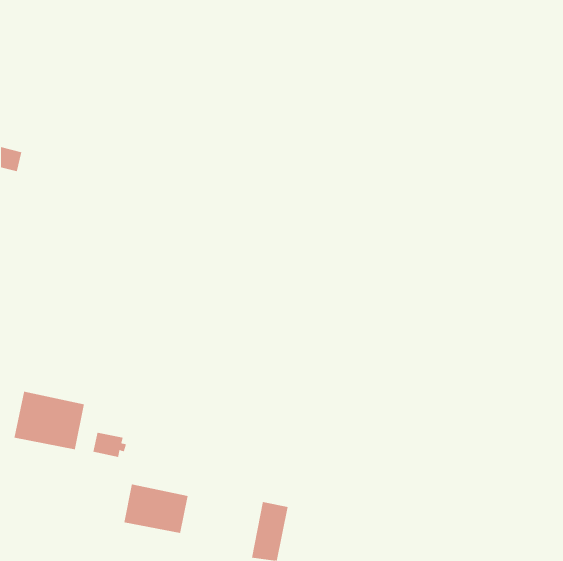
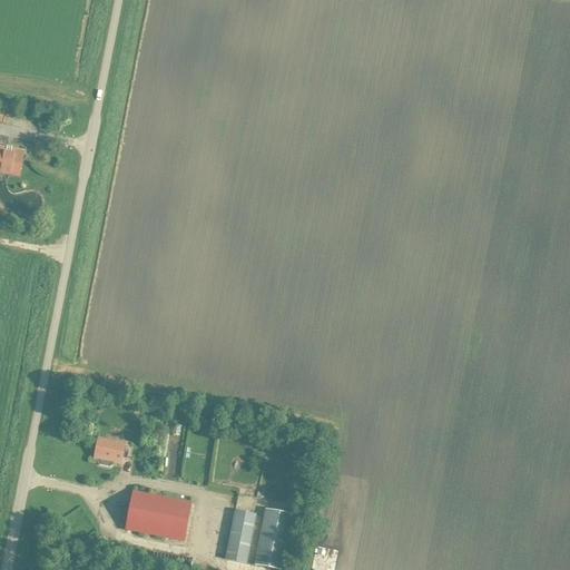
building: [14,391,84,450] -> none
building: none -> [225,509,255,561]

